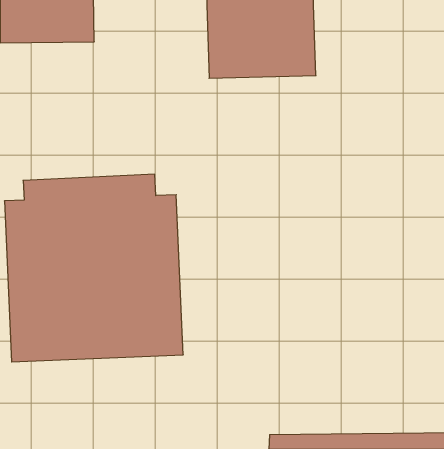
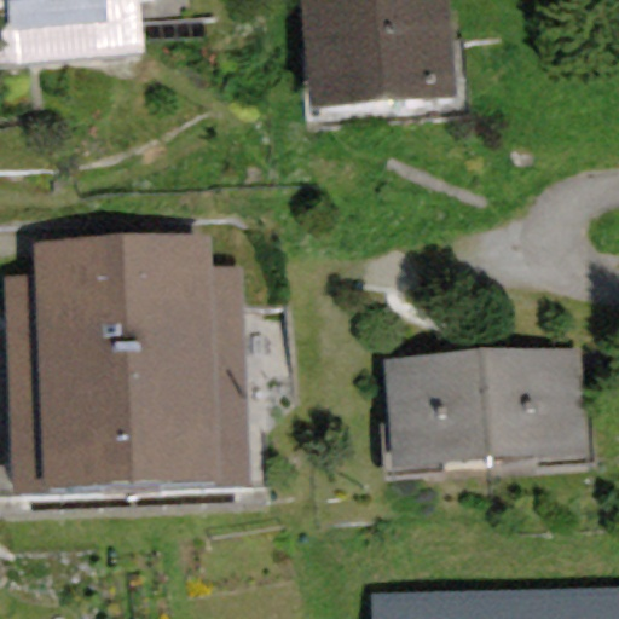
building: none -> [383,352,578,467]

